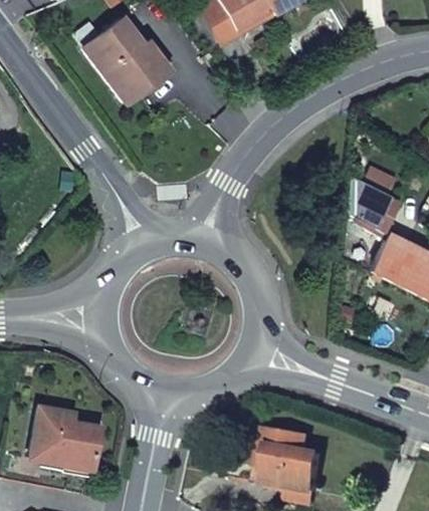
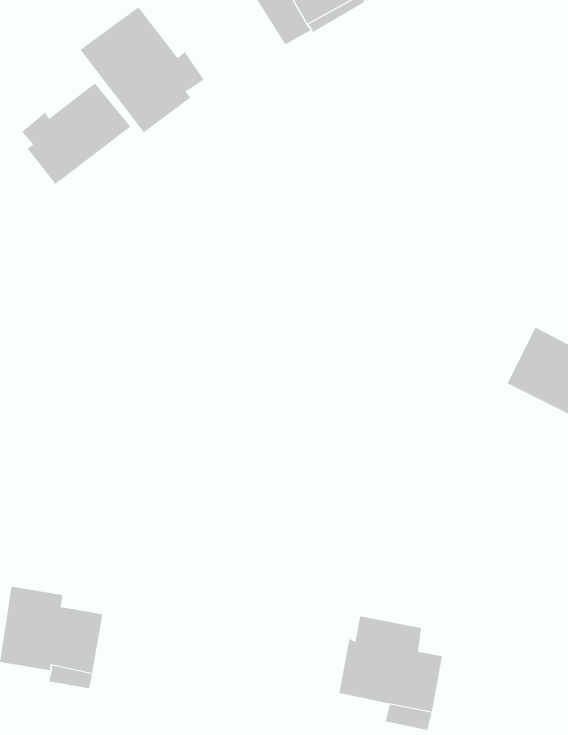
building: none -> [21,83,131,185]
building: [350,178,398,230] -> none

